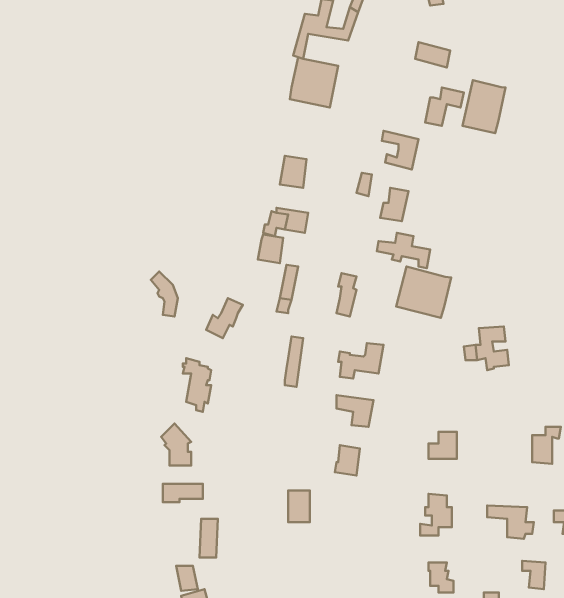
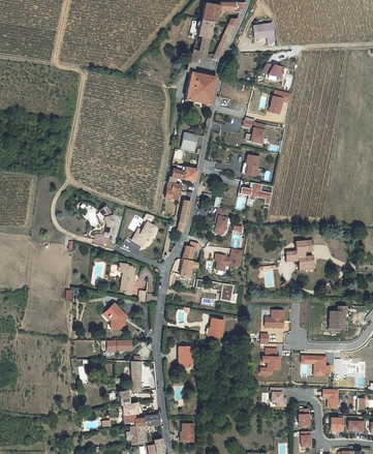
building: [463,80,506,133] -> none
building: [396,266,451,318] -> none

